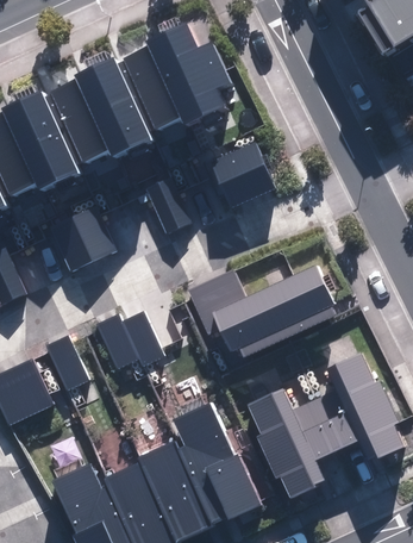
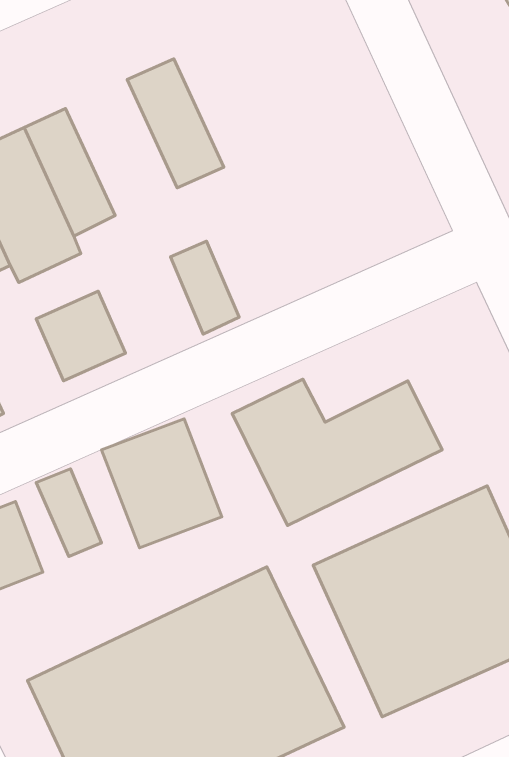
building: [145,30,234,133] -> none
building: [70,61,154,168] -> none
building: [207,142,276,211] -> none

